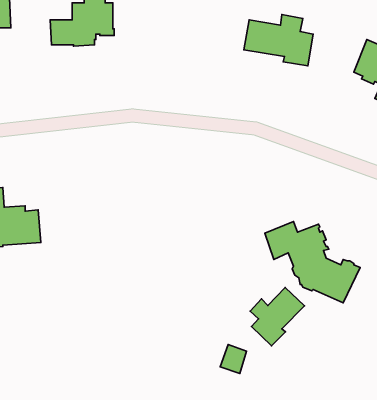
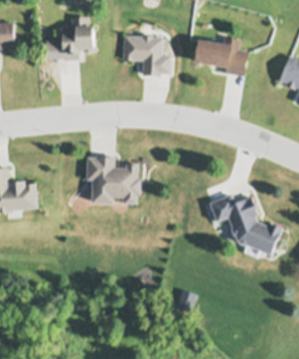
building: none -> [122,33,170,74]
building: none -> [88,156,141,205]
building: [250,287,304,346] -> none

